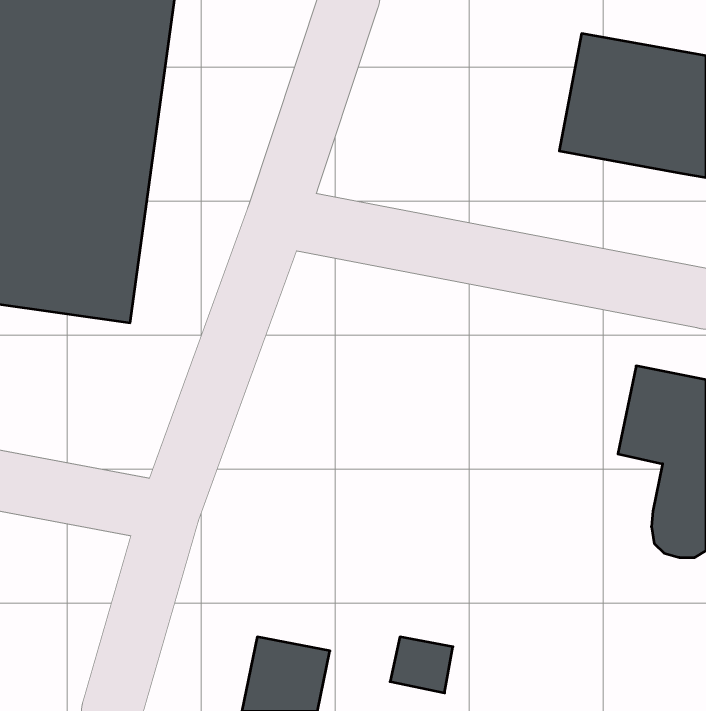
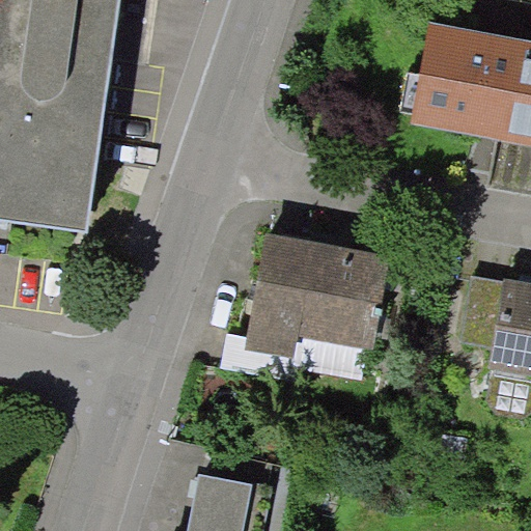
building: none -> [246,234,387,357]

